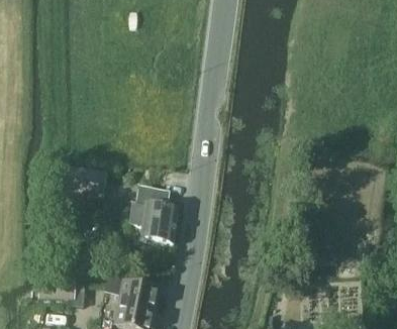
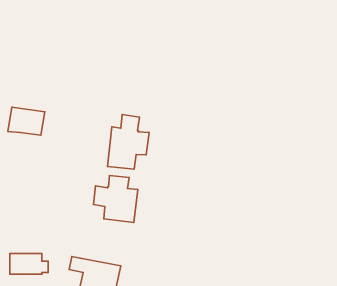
building: none -> [107,115,149,169]
building: [68,164,107,195] -> [8,107,45,135]

